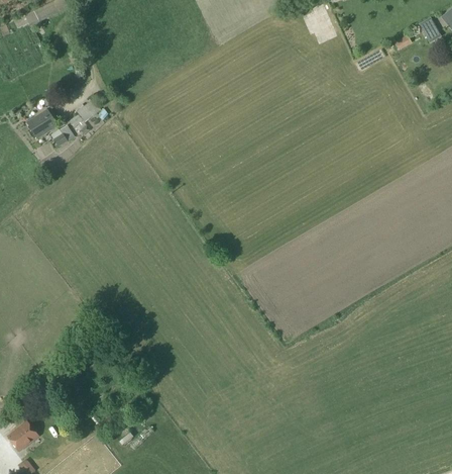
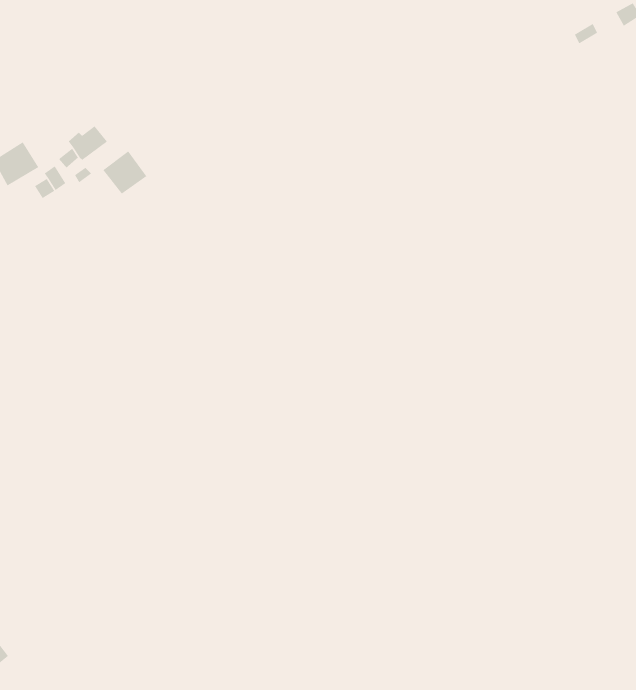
building: none -> [102,150,147,194]

